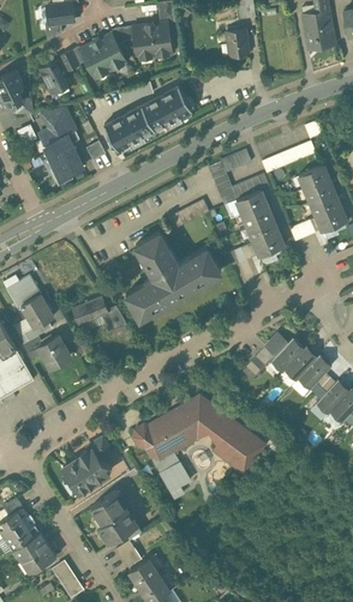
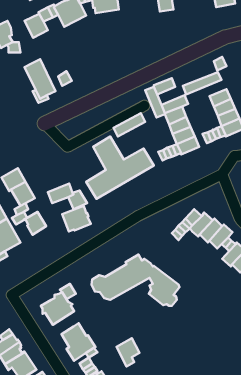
building: [116,98,185,151] -> none
building: [43,107,79,143] -> none
building: none -> [62,206,91,231]
building: [161,460,193,500] -> [116,338,139,366]

